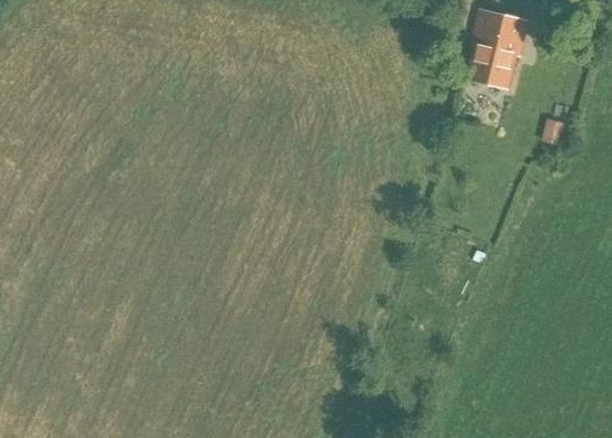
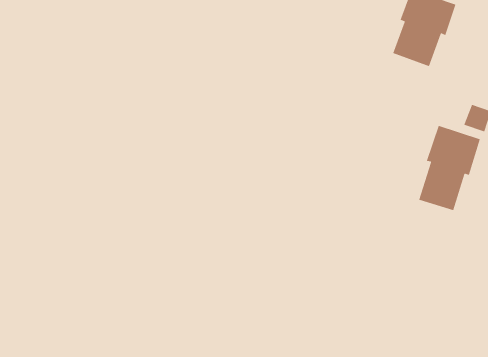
building: none -> [418,125,481,211]

